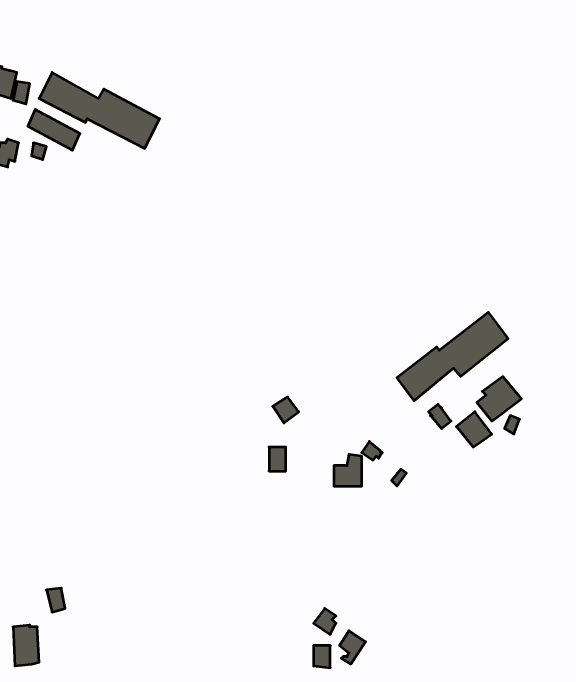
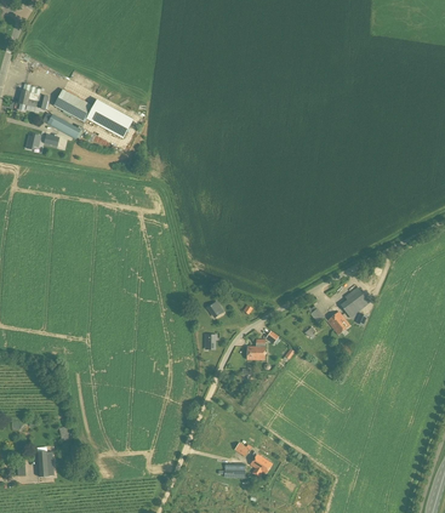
building: [397,312,508,401] -> none

